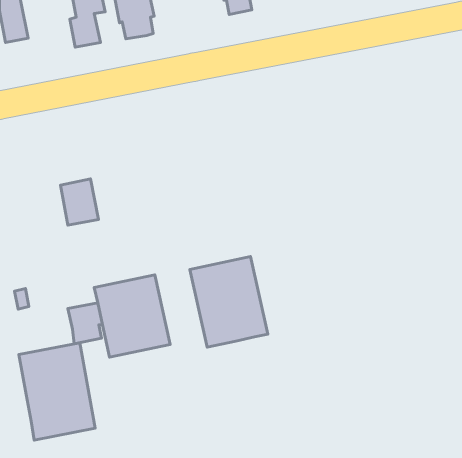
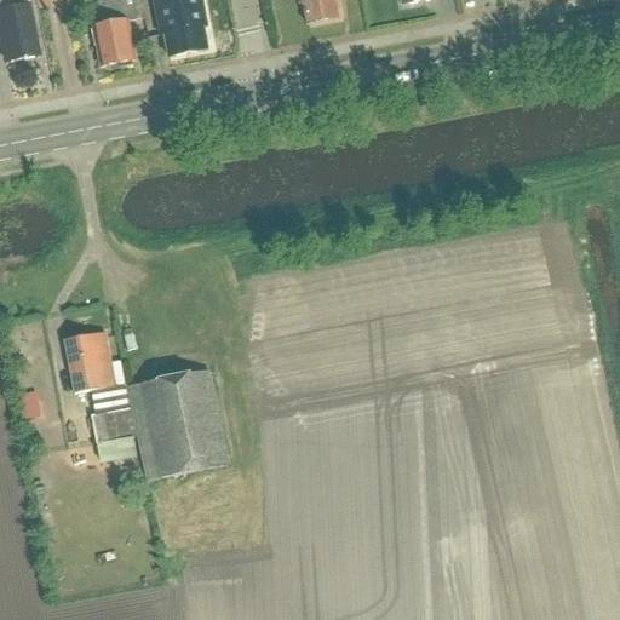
building: [61,179,99,225] -> [64,328,115,390]
building: [190,256,268,347] -> none
building: [19,343,95,440] -> none

